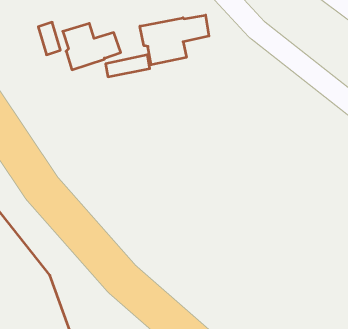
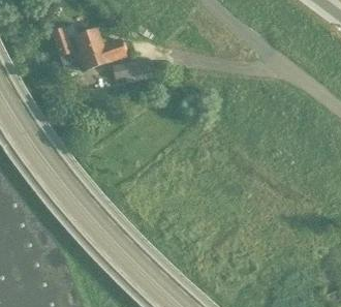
building: [140,15,209,65] -> none

